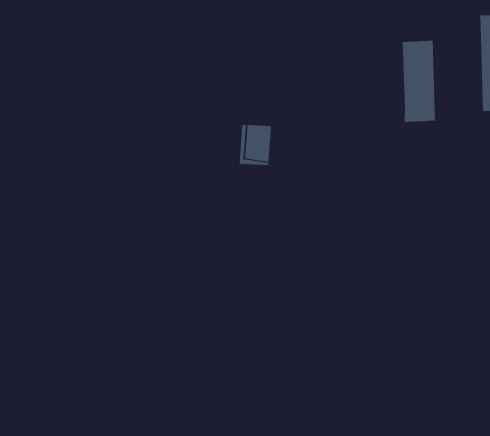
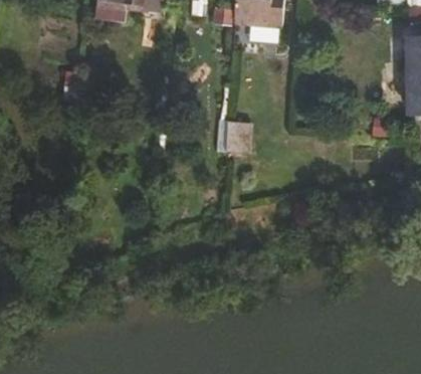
building: [402,40,435,123] -> none

